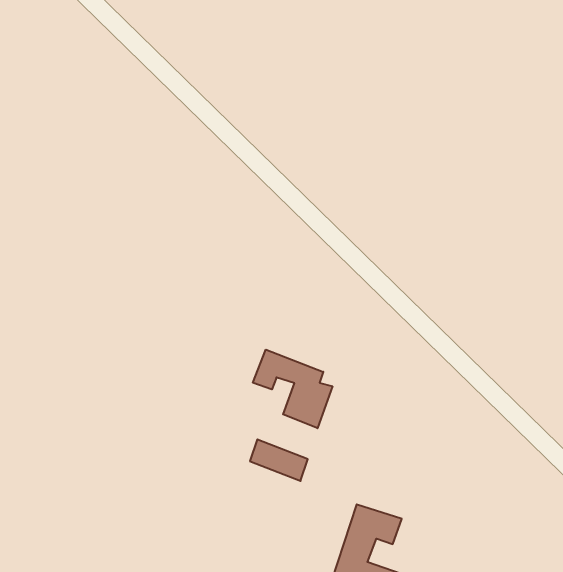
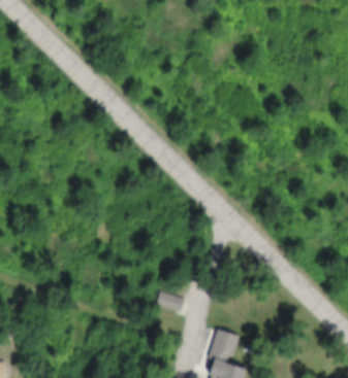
building: [253,350,332,428] -> none

